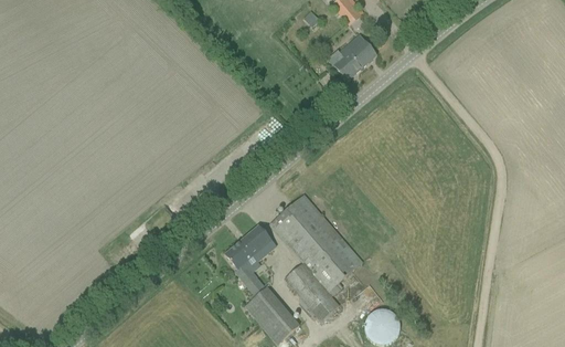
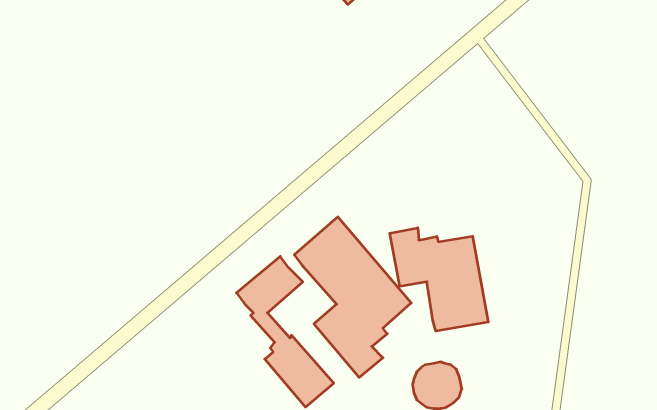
building: [328,33,376,81] -> none
building: none -> [390,228,488,331]

